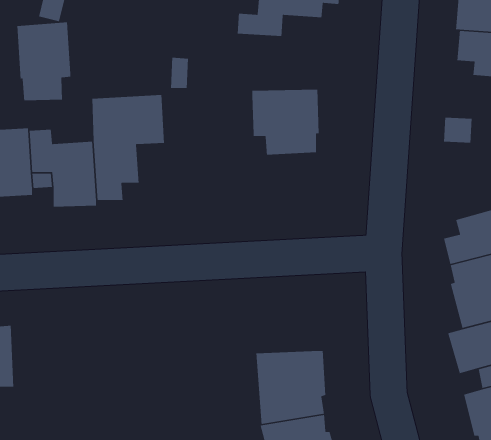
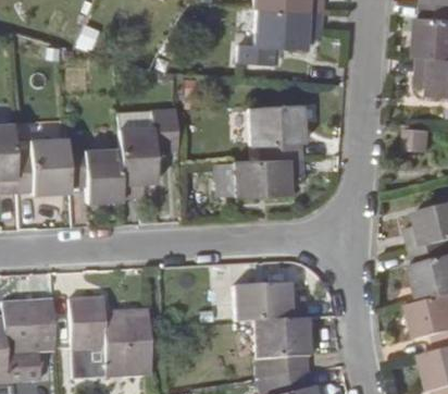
building: [16,22,71,101] -> none
building: none -> [232,158,302,196]
building: none -> [232,283,303,322]
building: none -> [67,297,150,379]

